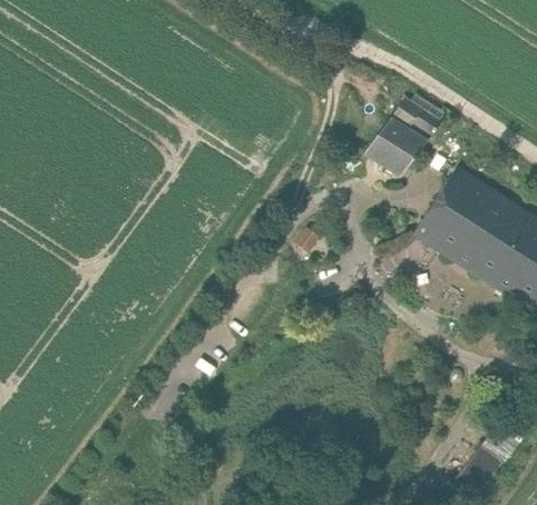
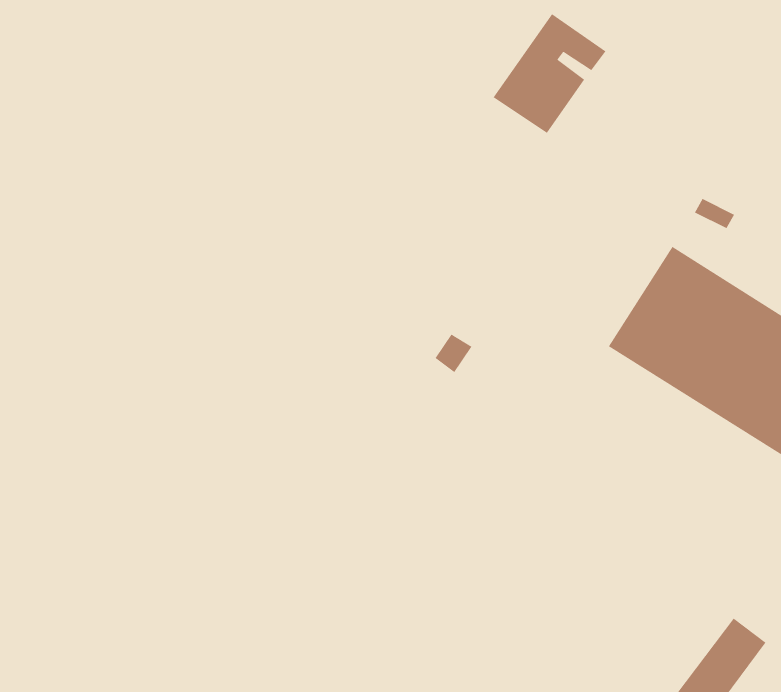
building: [365,97,442,178] -> [493,13,606,134]

